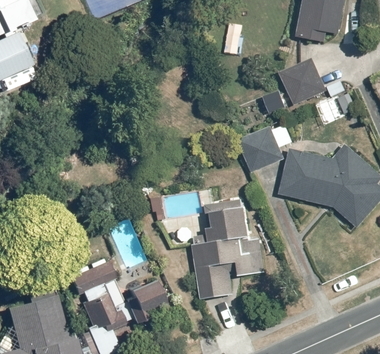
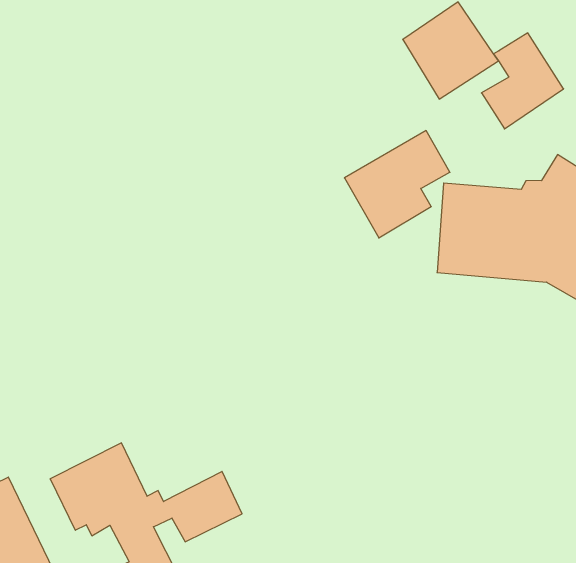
building: [193,200,262,301] -> none

